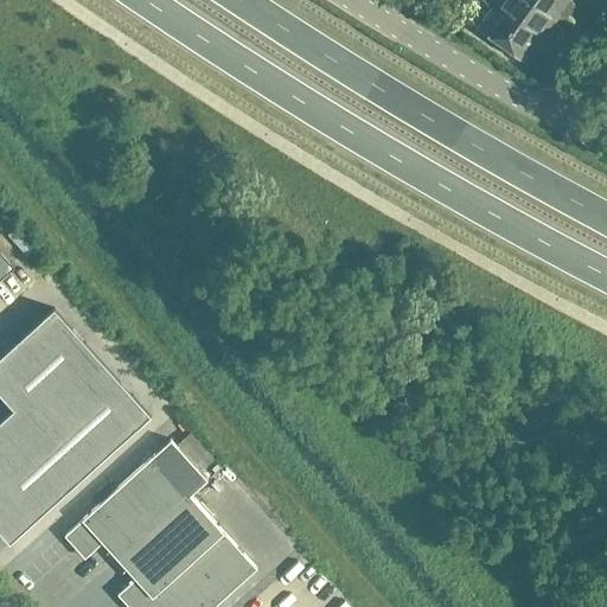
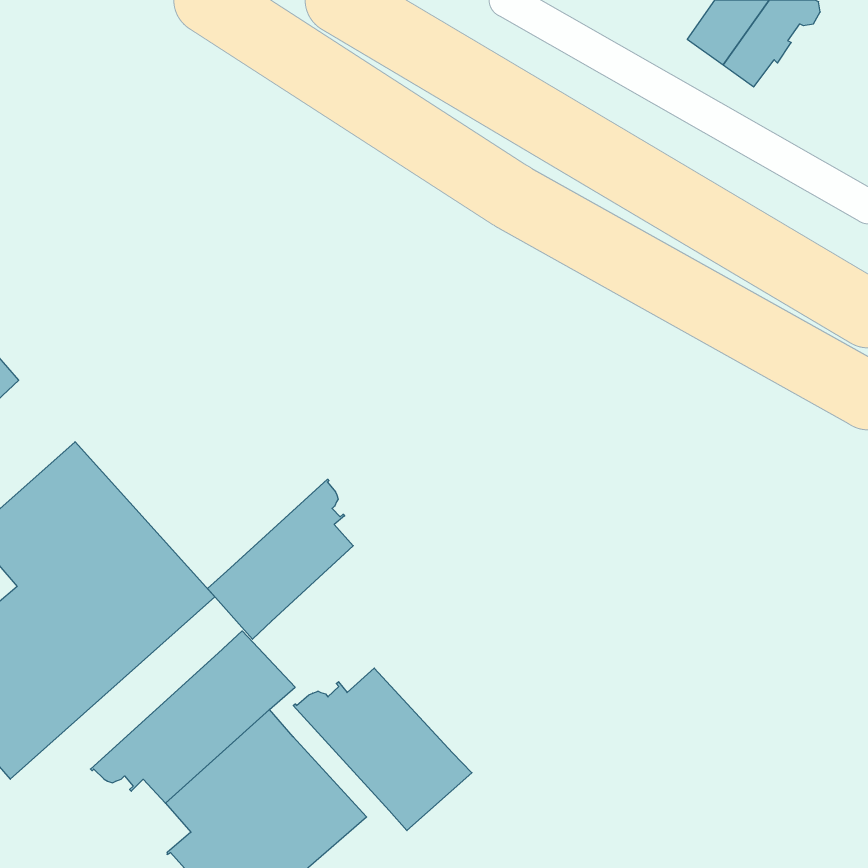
building: none -> [207,479,353,639]
building: none -> [293,668,472,831]

